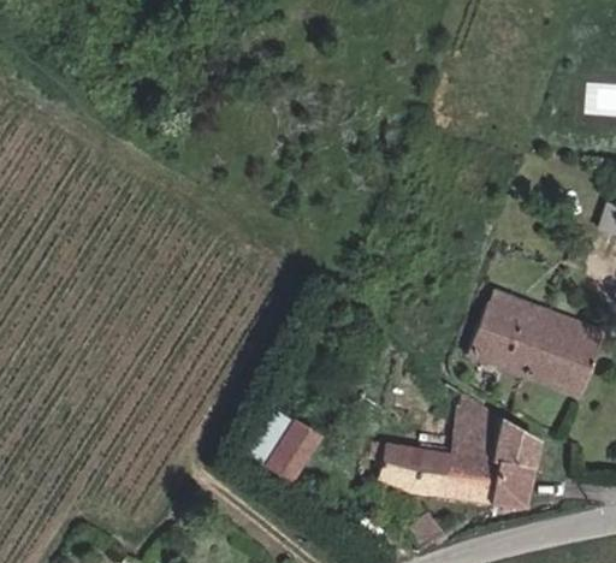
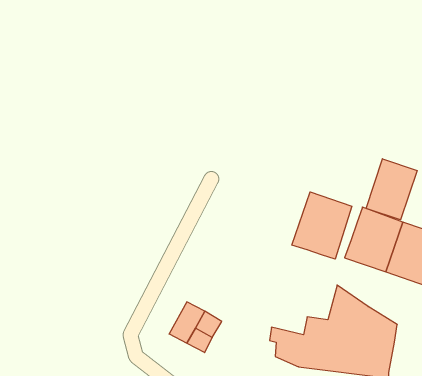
building: none -> [366,159,417,220]
building: none -> [292,192,352,259]

